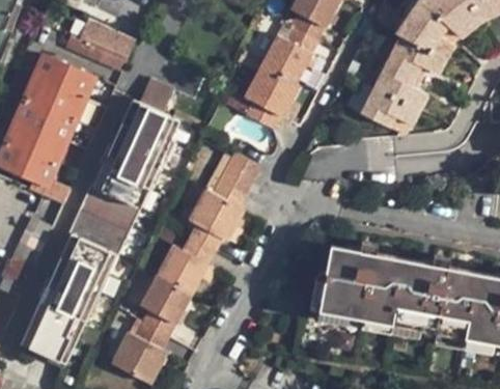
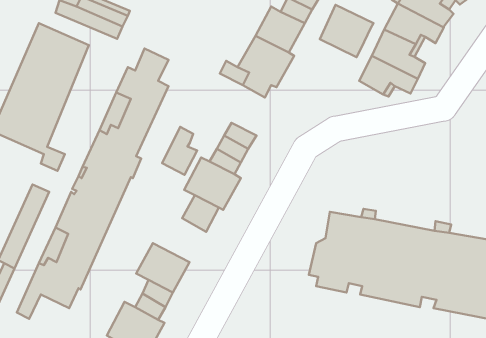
building: none -> [320,5,373,57]
building: none -> [162,127,197,175]
building: [158,243,211,291] -> none
building: [35,324,75,361] -> none

